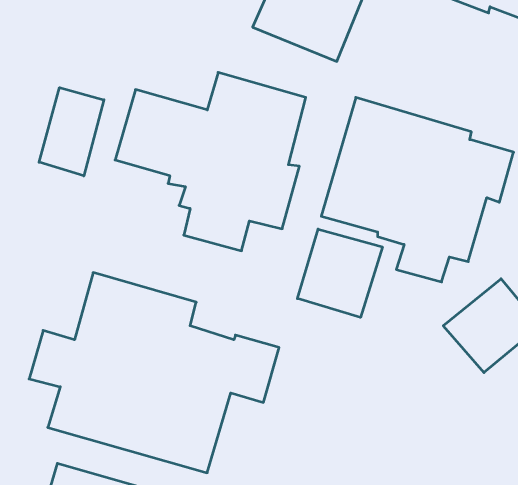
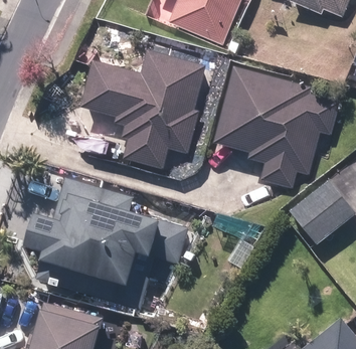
building: [39,88,104,176] -> none
building: [297,229,382,317] -> none

